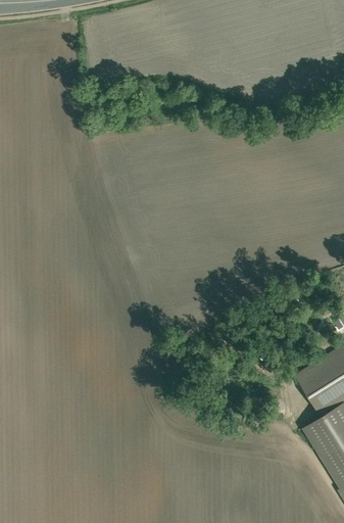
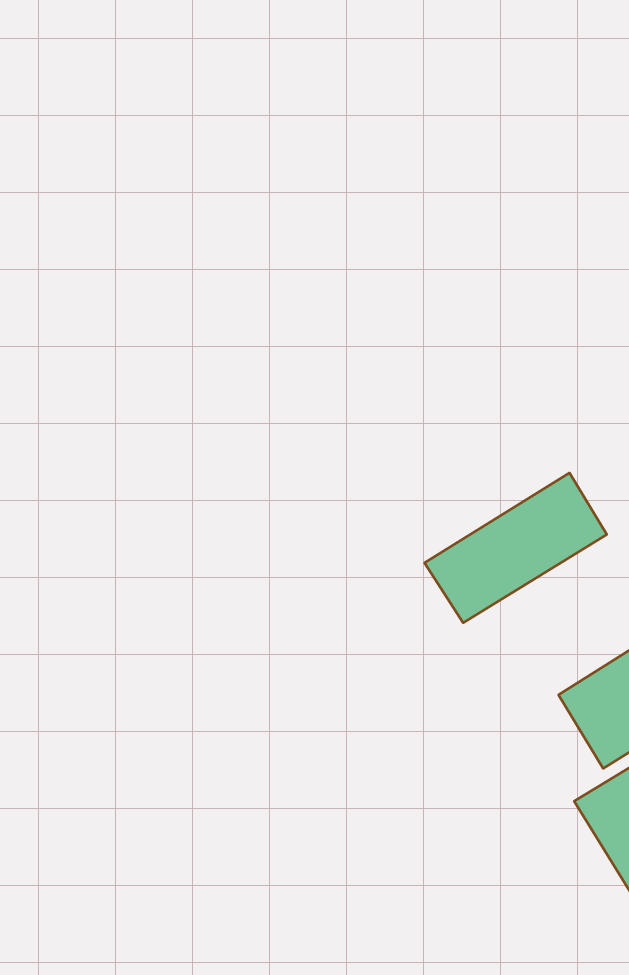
building: none -> [425,473,607,623]

